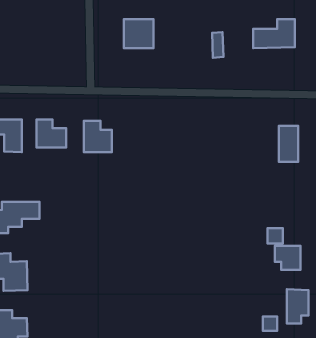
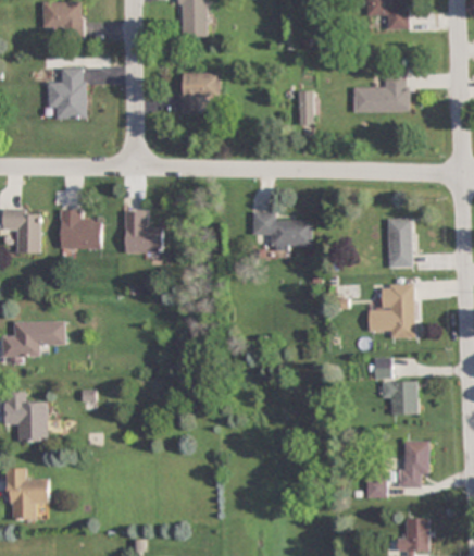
building: none -> [46,67,85,119]
building: none -> [253,212,312,247]
building: none -> [367,283,415,337]

